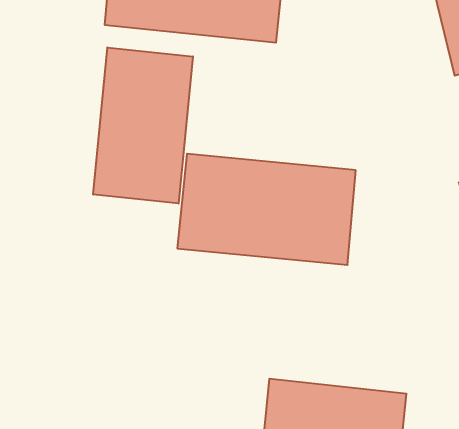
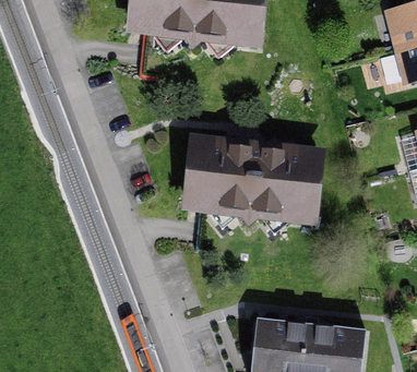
building: [93,47,193,204] -> none

